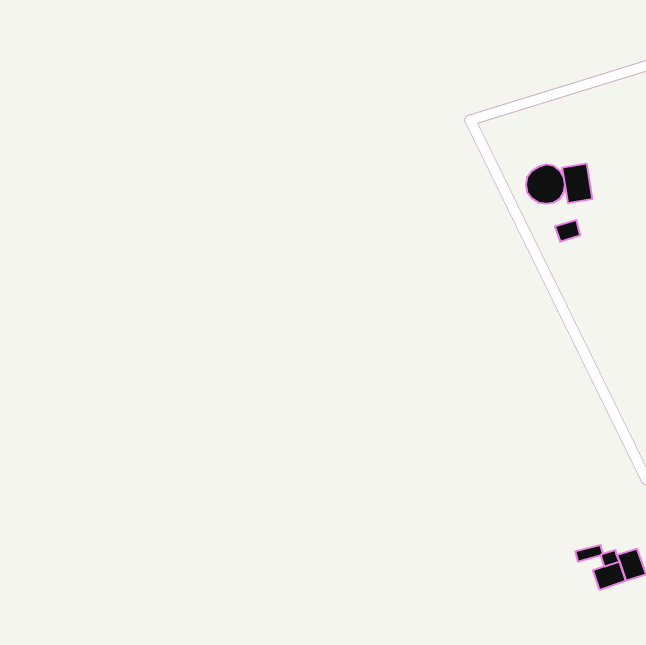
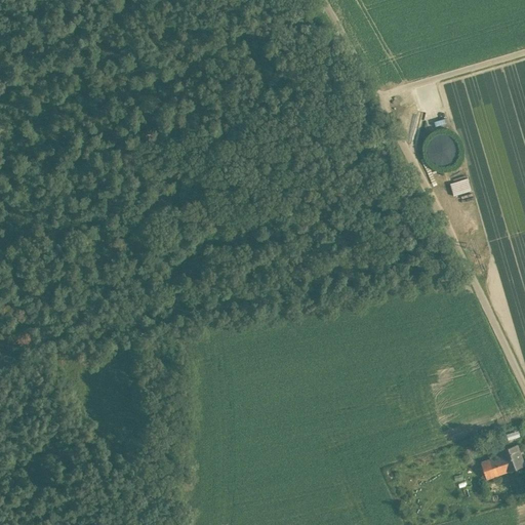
building: [562,164,592,203] -> none

